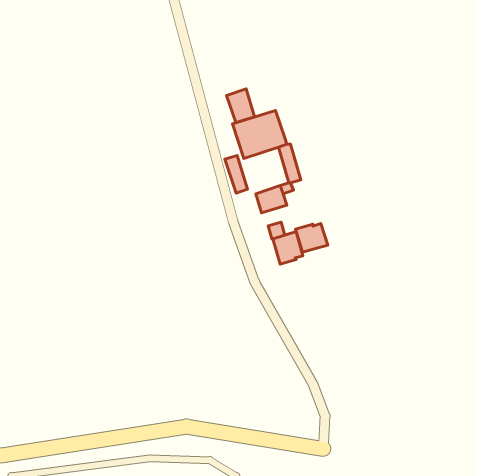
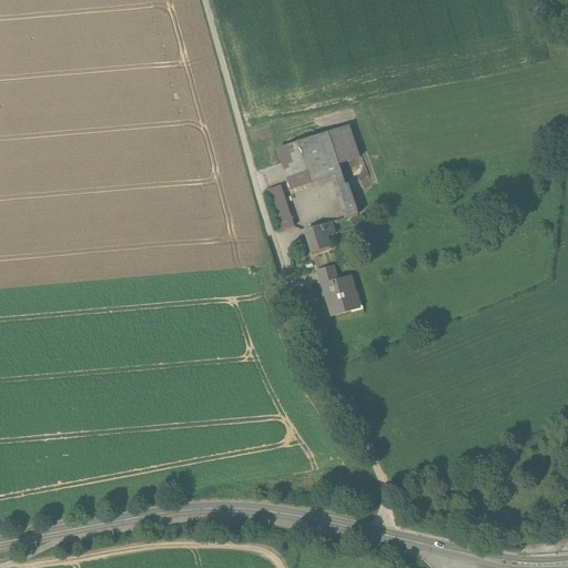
building: [226,89,255,123] -> [327,123,361,163]
building: [296,223,328,252] -> none

